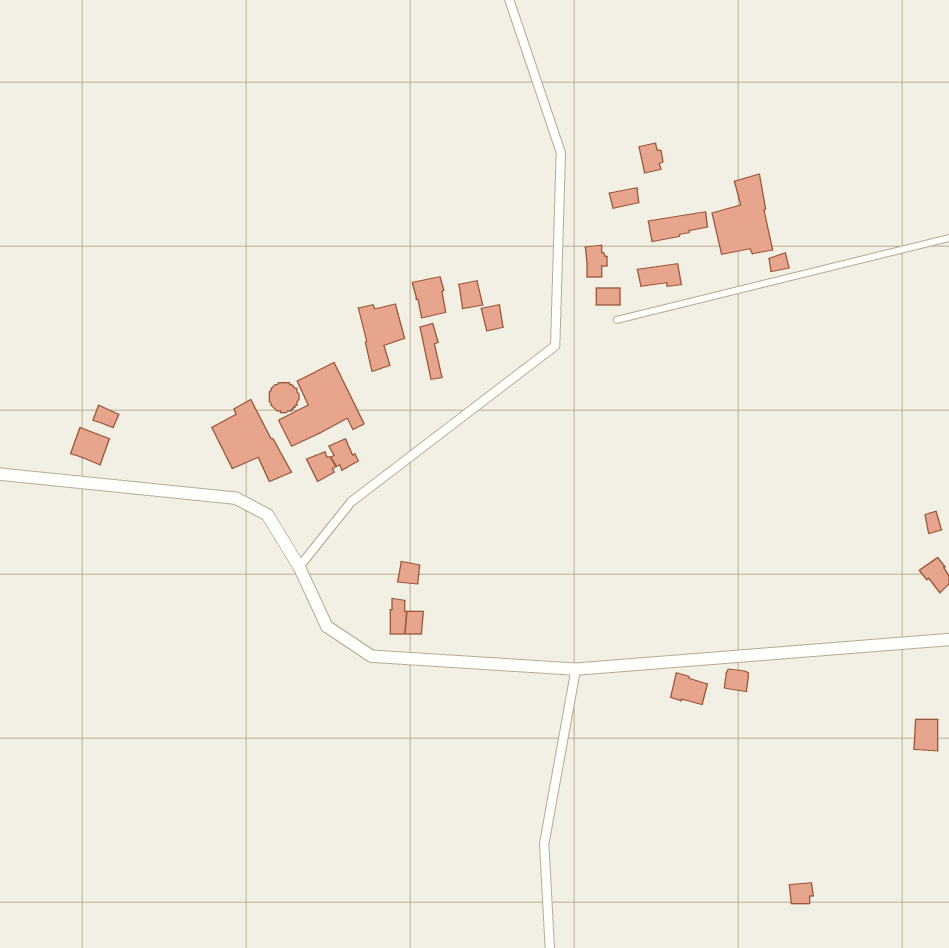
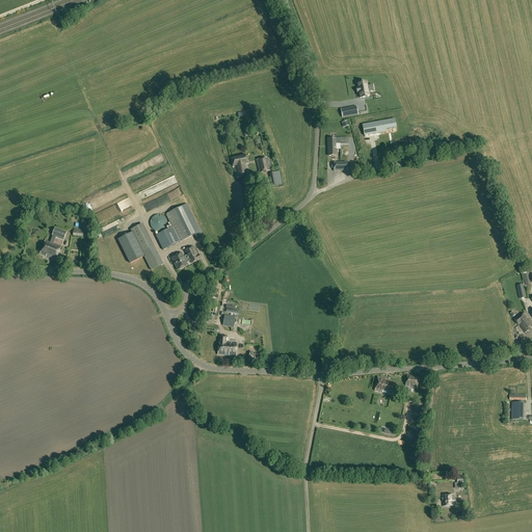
building: [712,174,772,254] -> none
building: [358,304,405,371] -> none

